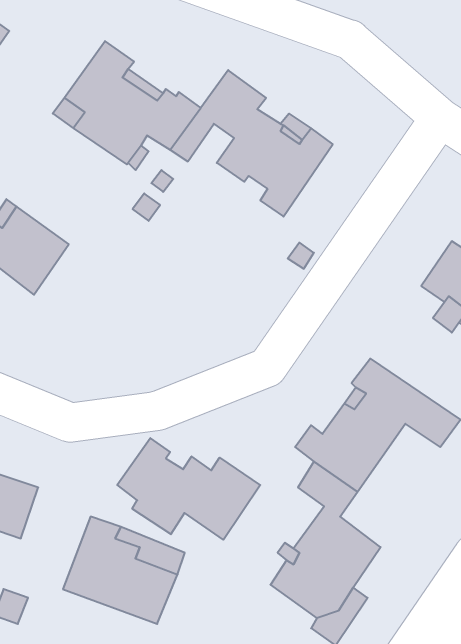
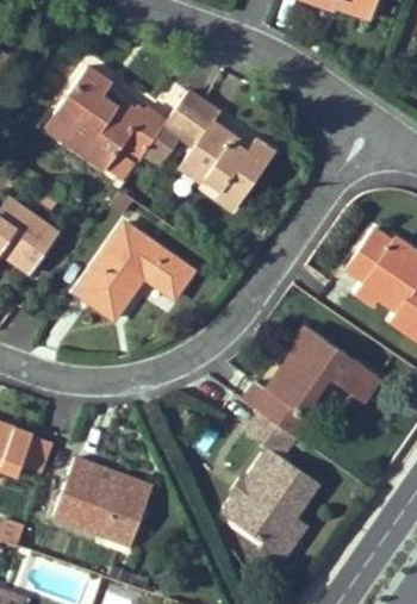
building: none -> [76,223,195,319]
building: [117,438,260,540] -> none

